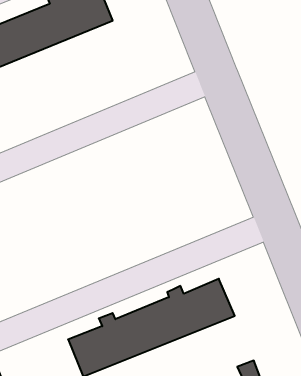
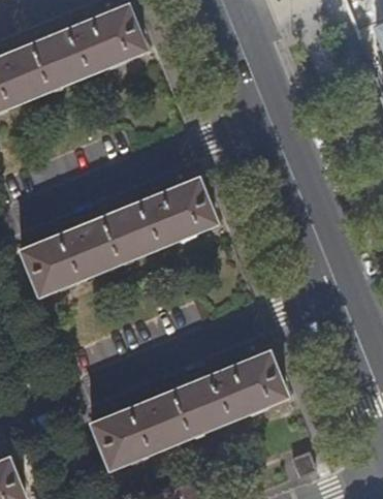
building: none -> [22,180,217,295]

